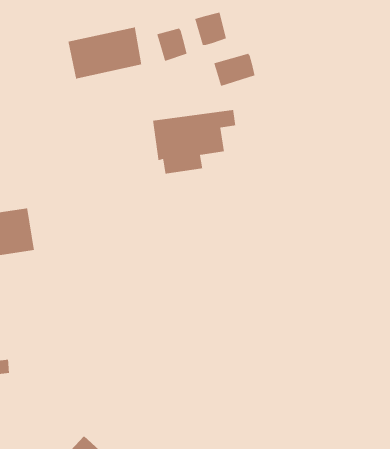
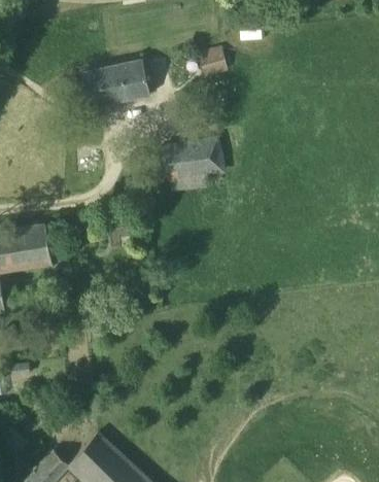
building: [156,27,188,62] -> none
building: [213,53,256,87] -> none

